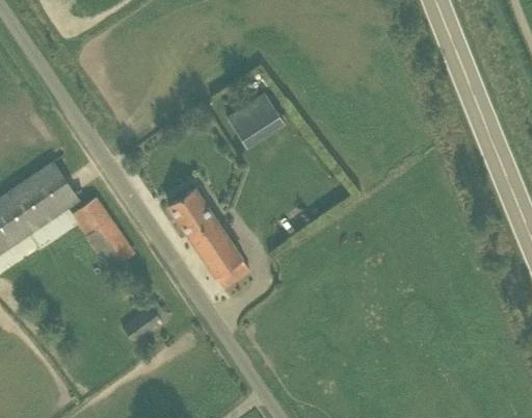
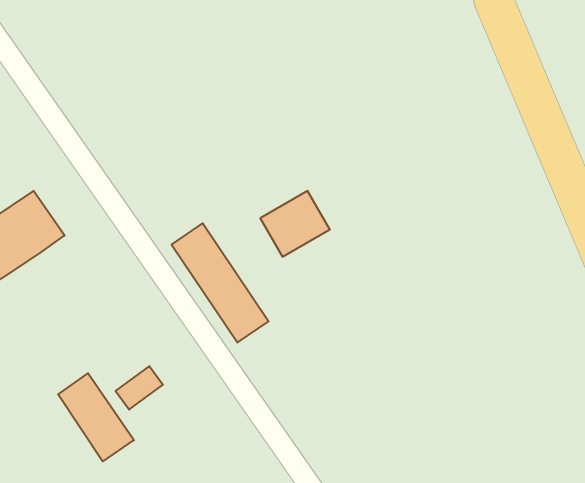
building: [224,92,283,147] -> [260,191,330,257]
building: [71,198,134,271] -> [58,373,134,461]

